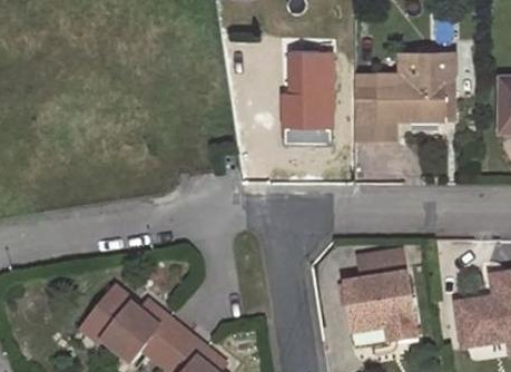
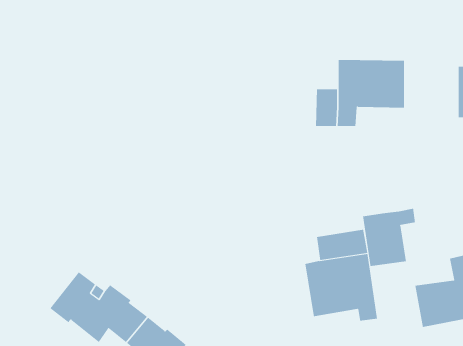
building: [283,50,333,145] -> none
building: none -> [362,208,415,267]

